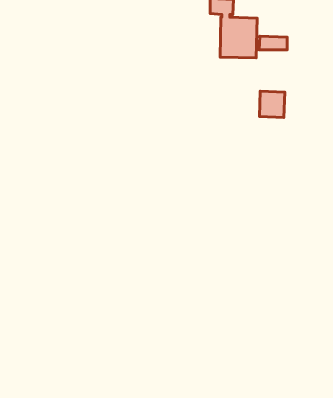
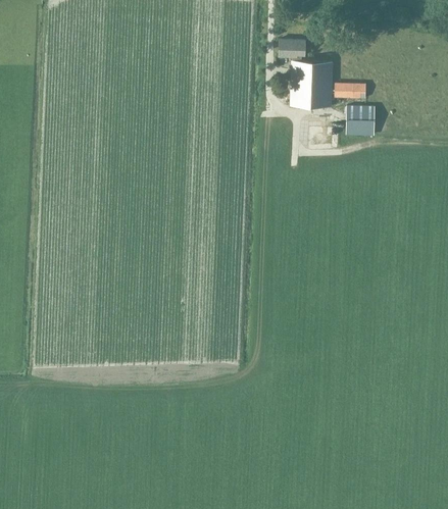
building: [259,91,285,118] -> [347,105,376,135]

